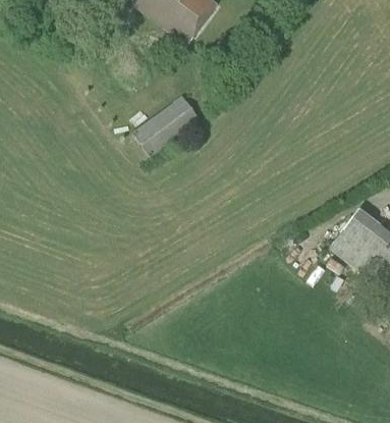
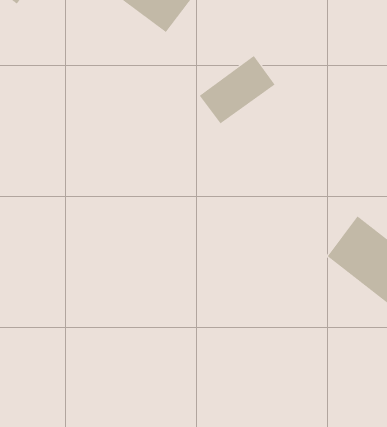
building: [131,92,201,154] -> [199,55,276,124]

